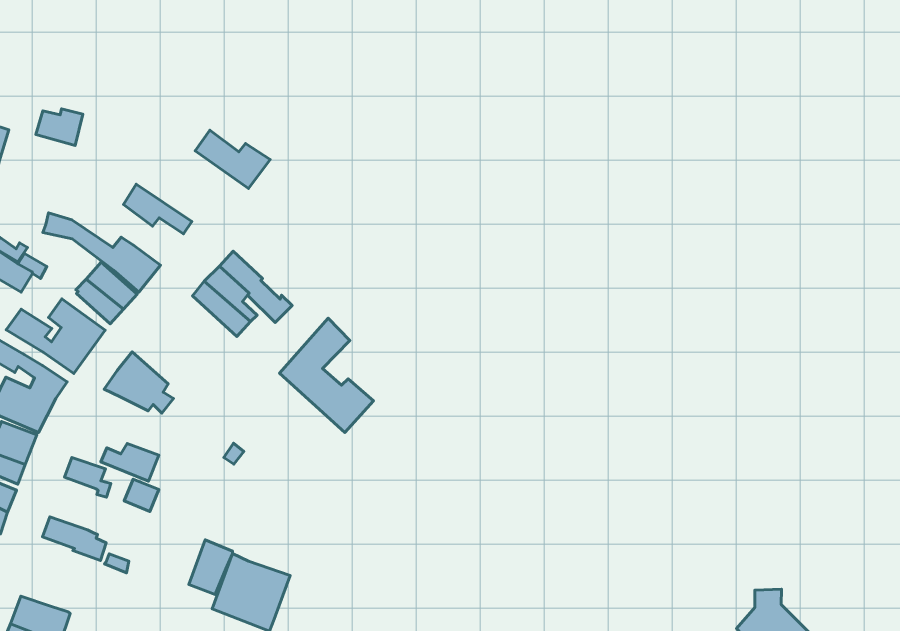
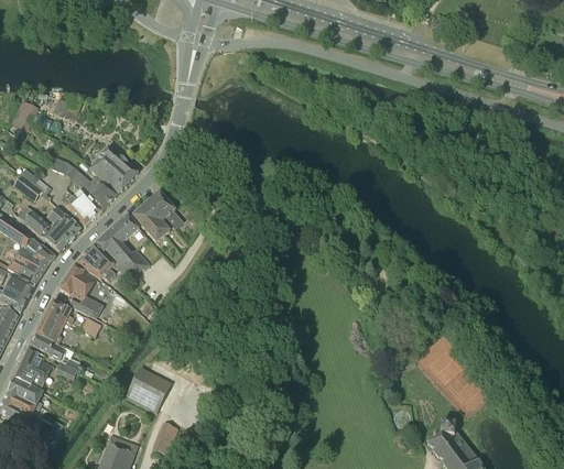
building: [195,130,270,189] -> [89,156,132,193]
building: [279,318,374,432] -> [96,212,149,280]
building: none -> [58,261,97,301]
building: none -> [36,310,65,342]
building: [189,540,233,595] -> none
building: none -> [14,347,53,389]

